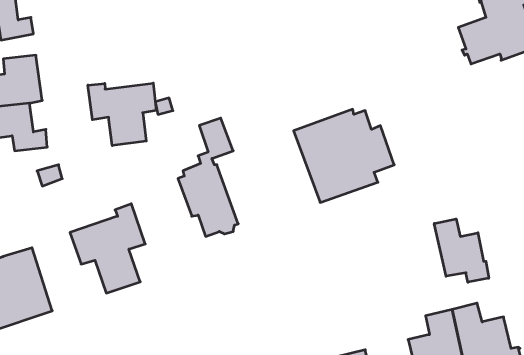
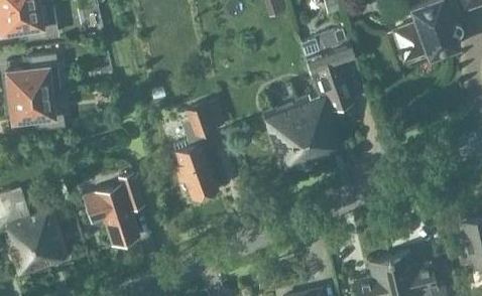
building: none -> [300,28,356,114]
building: [88,83,156,146] -> none
building: [434,219,489,282] -> none

